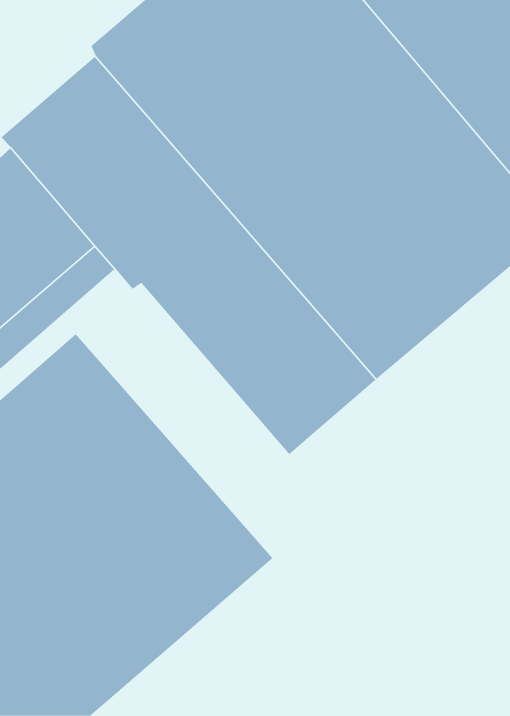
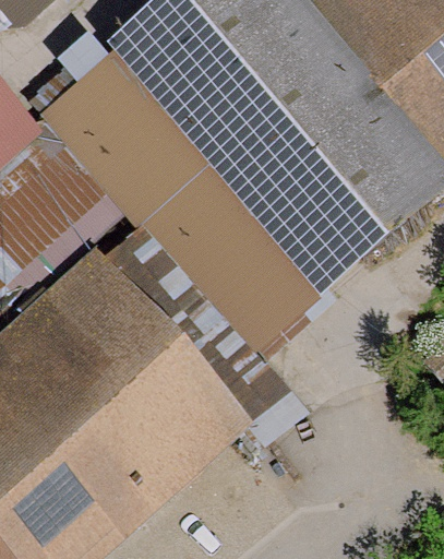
building: none -> [95,215,308,441]

